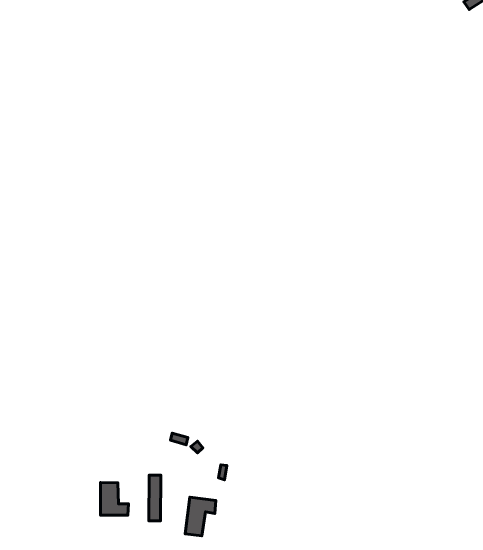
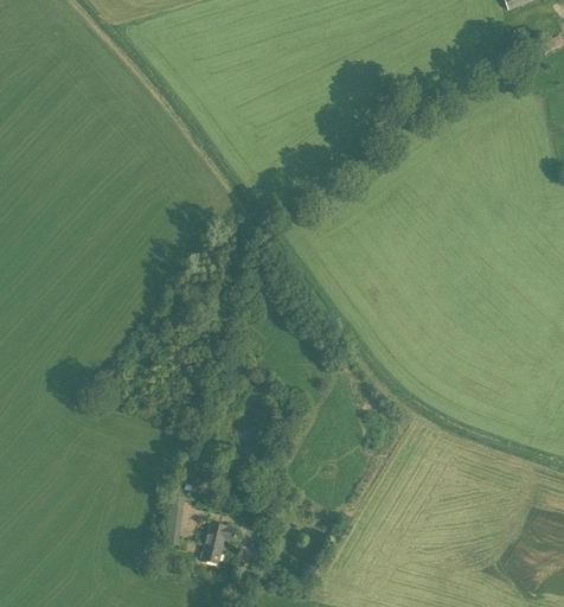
building: [100,483,128,515] -> none

